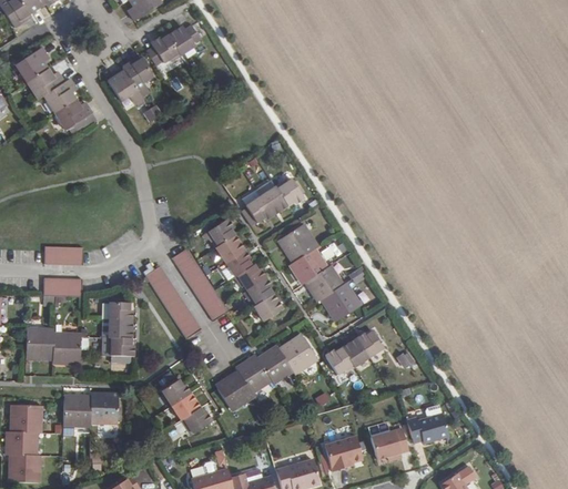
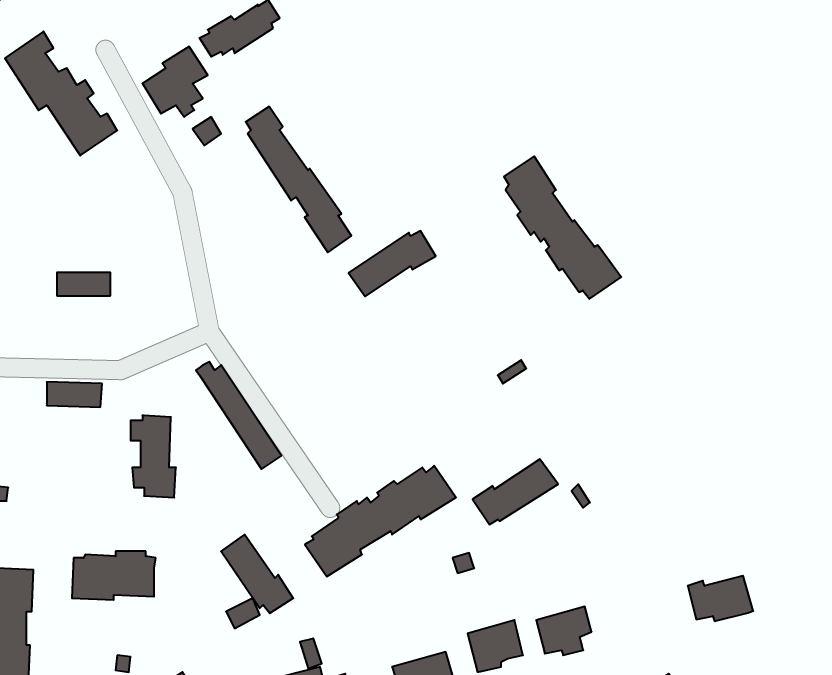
building: [210,223,280,319] -> [246,107,351,252]
building: [283,224,361,318] -> [504,156,621,299]
building: [47,249,82,265] -> [57,272,110,296]
building: [174,251,229,320] -> none
building: [26,332,78,365] -> none
building: [407,414,450,444] -> [688,576,753,621]

